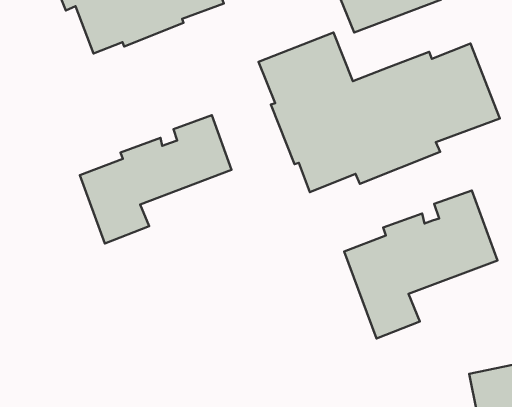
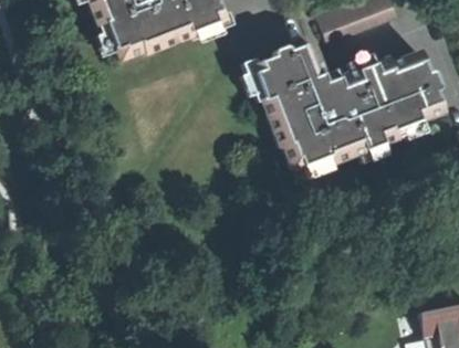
building: [80,115,232,244] -> none
building: [344,191,497,338] -> none

